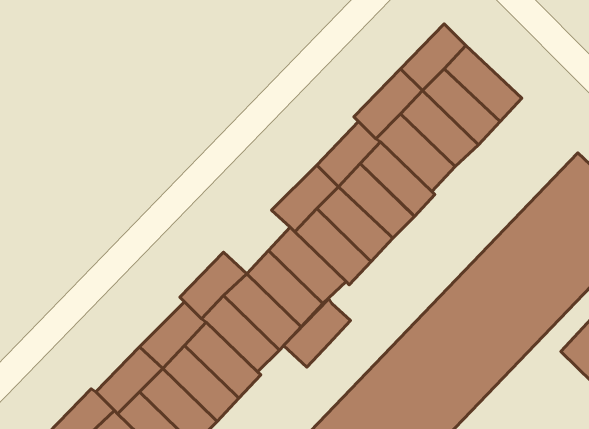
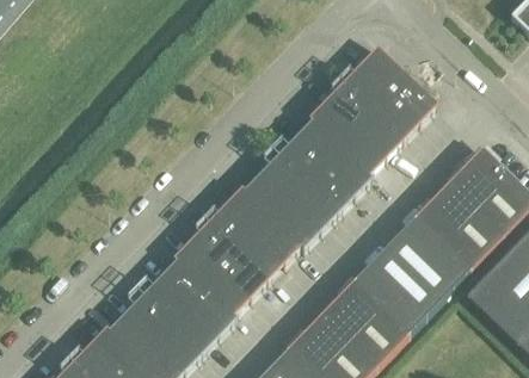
building: [284,299,351,367] -> [208,187,259,240]

